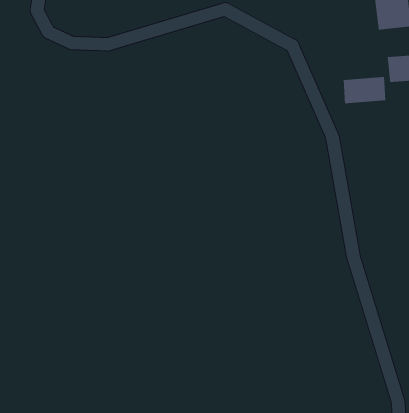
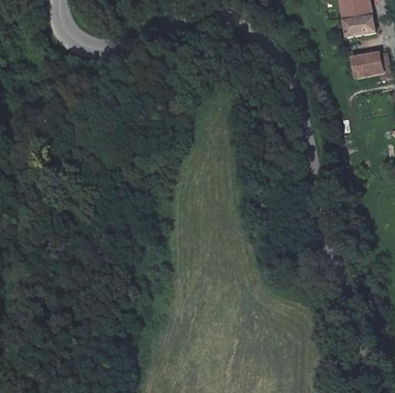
building: [343,76,386,104] -> none

